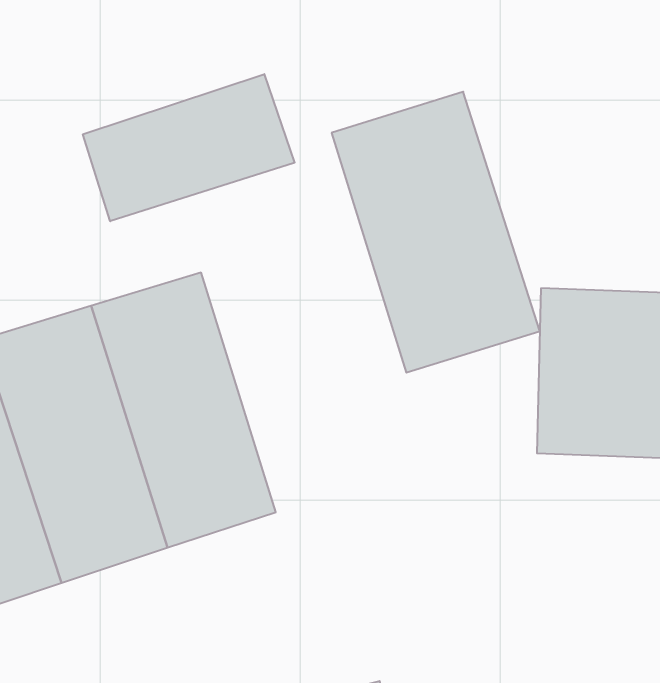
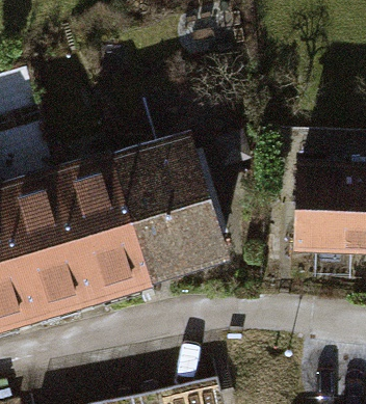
building: [83,74,295,221] -> none
building: [332,92,540,373] -> [119,133,229,281]

